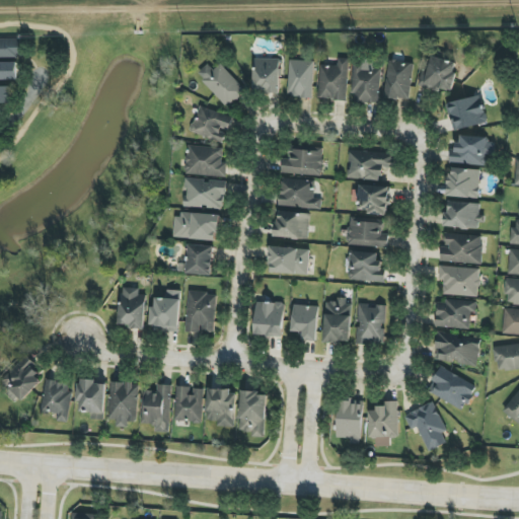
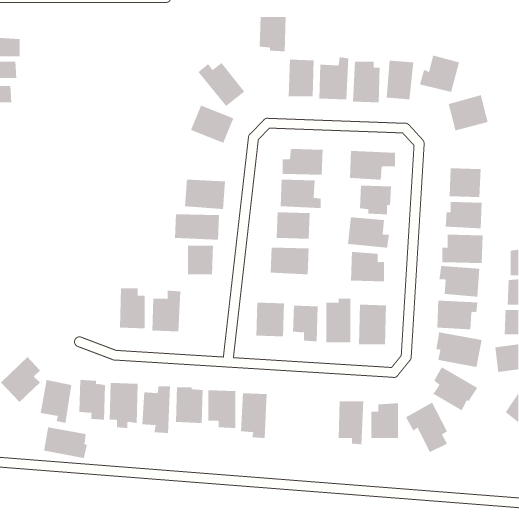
building: [252,58,280,93] -> [259,16,286,52]
building: [449,136,494,165] -> none
building: [184,145,226,175] -> none
building: [186,291,216,331] -> none
building: none -> [44,427,87,459]

